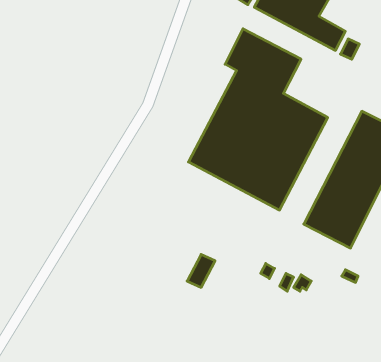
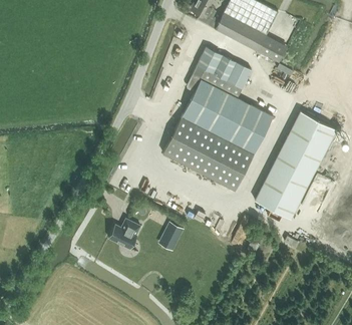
building: none -> [109,219,141,250]

